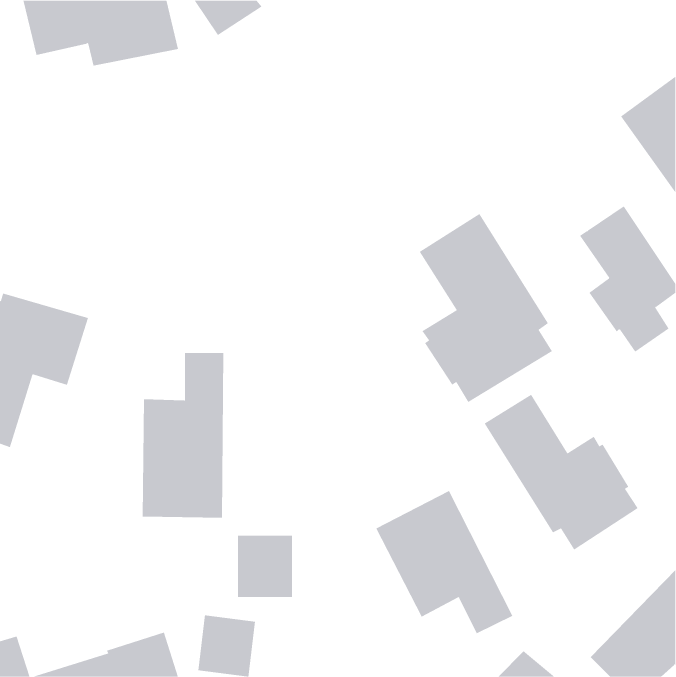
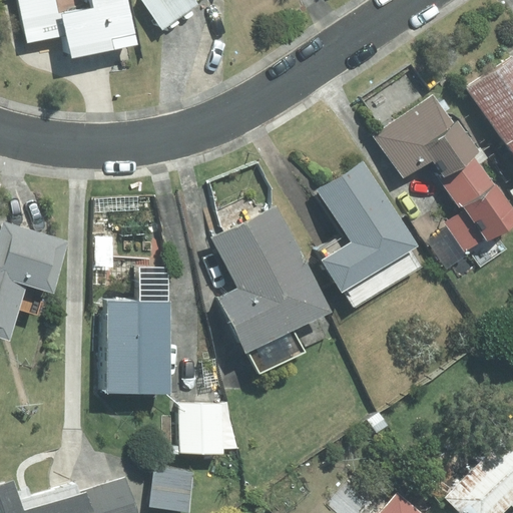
building: none -> [375,93,478,177]
building: none -> [212,206,331,375]
building: [484,394,638,550] -> none
building: [376,490,513,634] -> none

